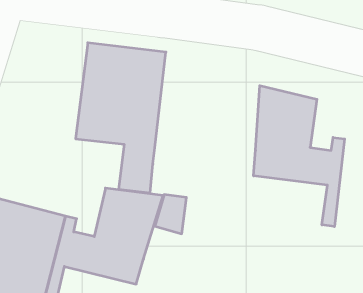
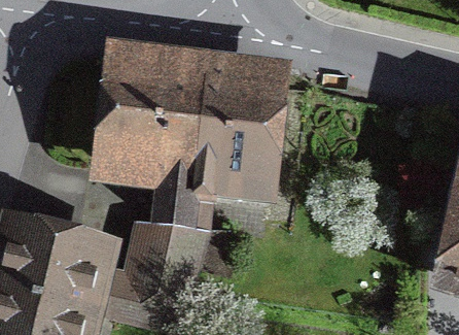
building: none -> [191,61,269,187]
building: [254,86,345,227] -> none

